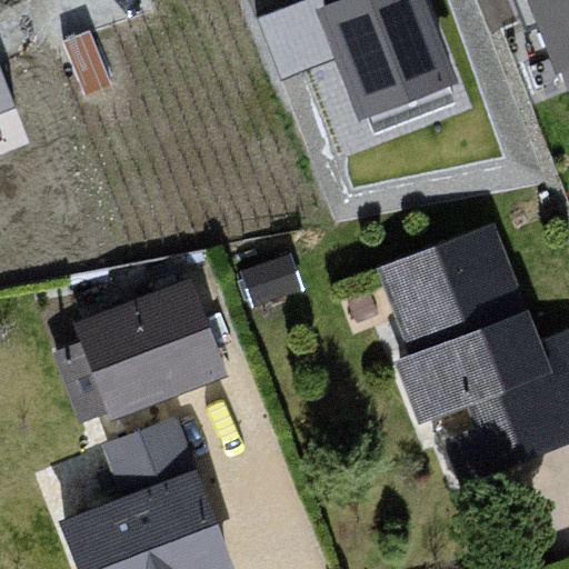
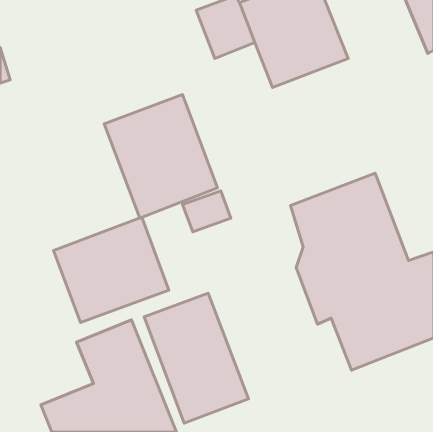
building: none -> [104,94,217,218]
building: none -> [144,293,249,423]

